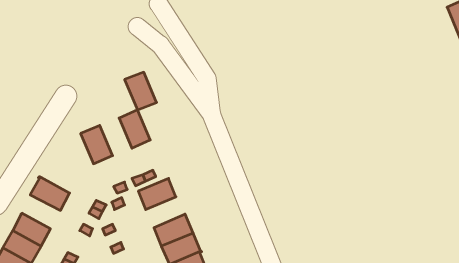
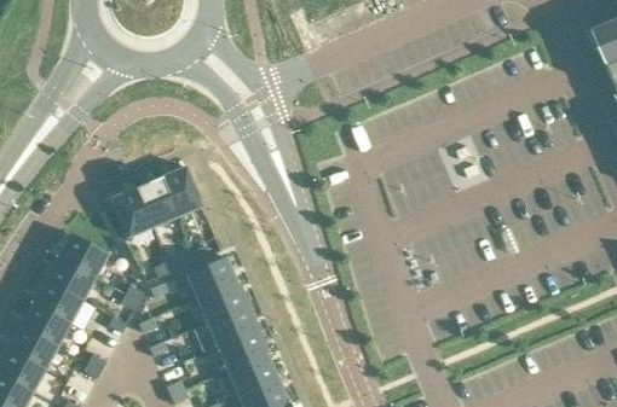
building: [125,72,157,110] -> [135,176,178,226]
building: none -> [58,232,109,275]
building: none -> [30,278,83,322]
building: none -> [196,279,248,321]

